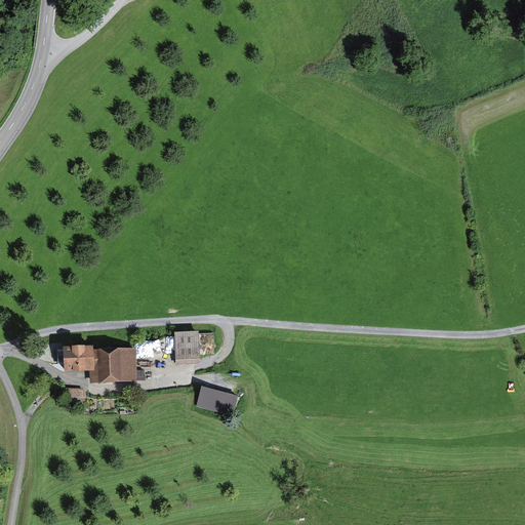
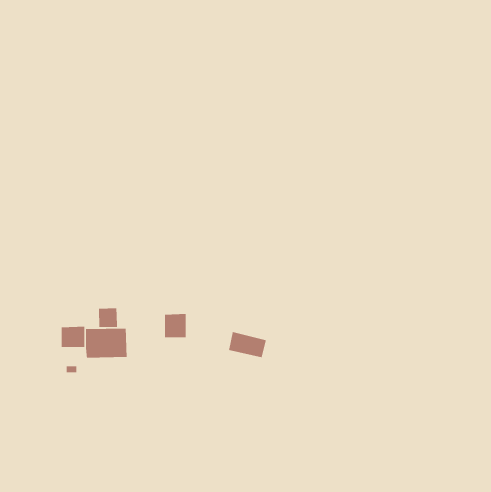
building: none -> [98,308,118,328]
building: [197,387,238,415] -> [228,331,267,358]

